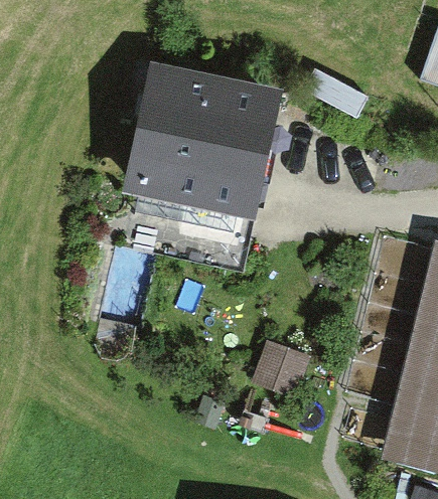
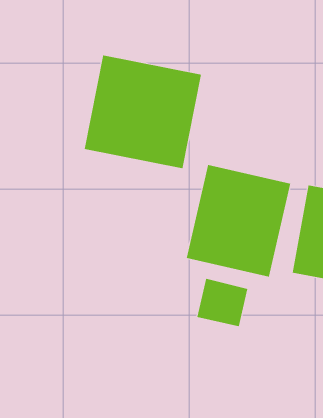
building: none -> [186,164,291,277]

